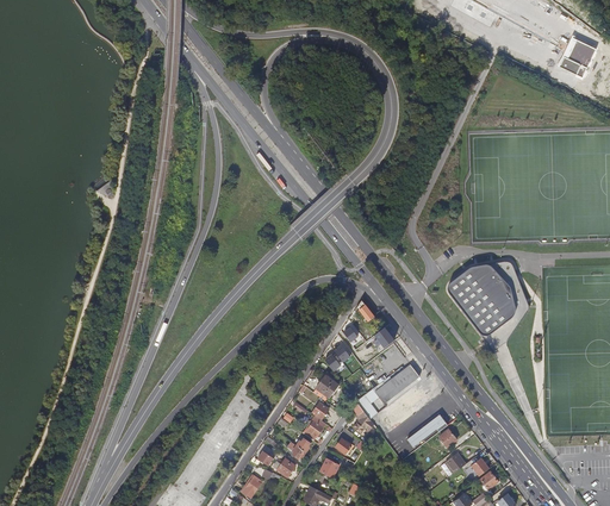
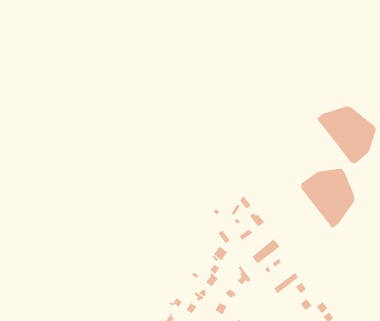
building: none -> [316,106,377,164]

